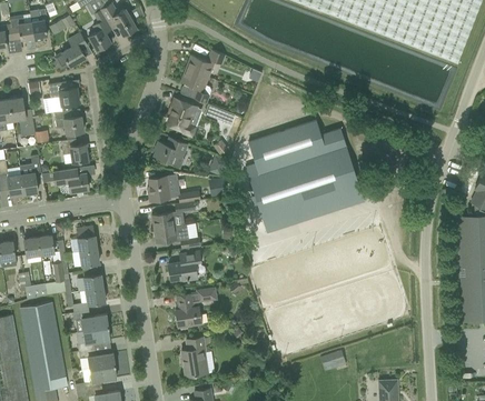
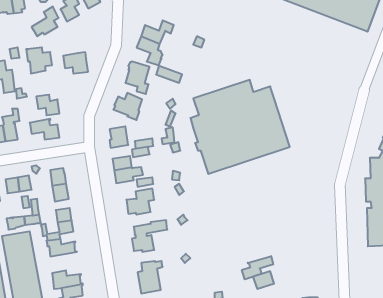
building: [53,108,83,133] -> [63,52,88,74]
building: [77,325,109,351] -> none
building: none -> [242,256,273,279]

